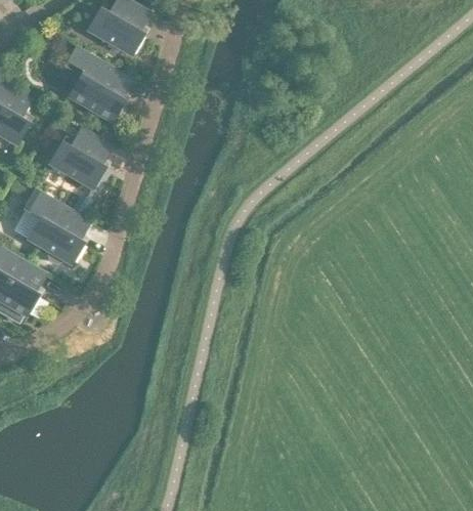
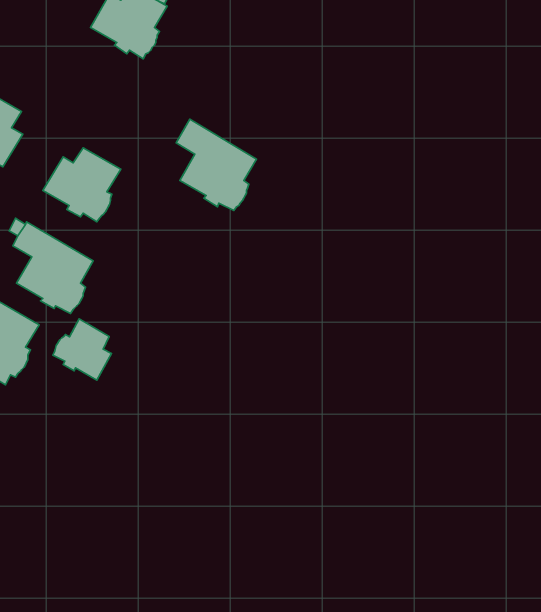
building: [66,46,131,121] -> [176,119,256,211]
building: none -> [53,319,112,380]

